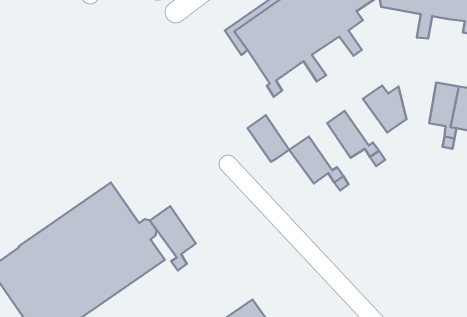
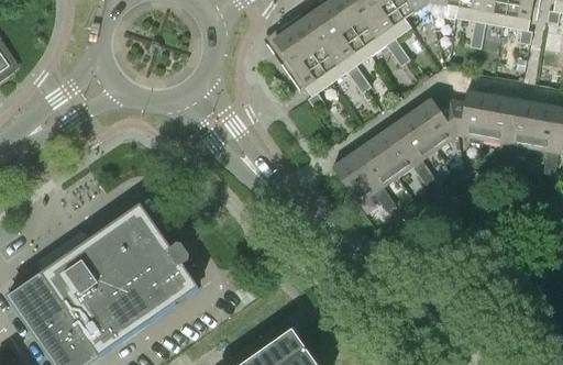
building: none -> [450,89,490,137]
building: none -> [391,111,438,162]
building: [247,115,289,162] -> [353,137,398,188]
building: [150,206,196,270] -> none

